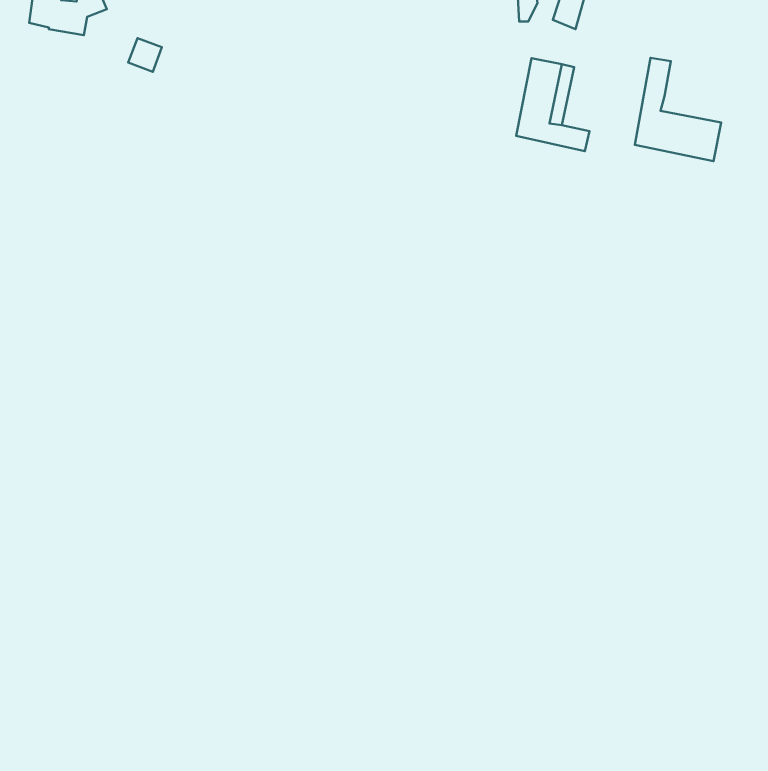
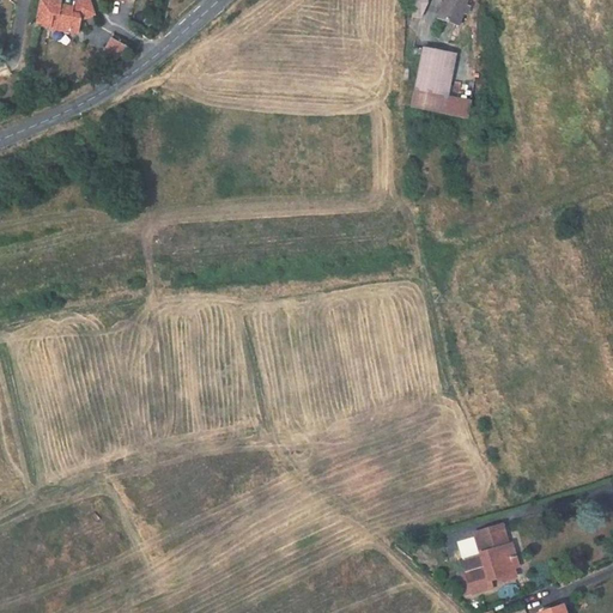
building: [635,58,721,161] -> none
building: none -> [462,524,514,594]

